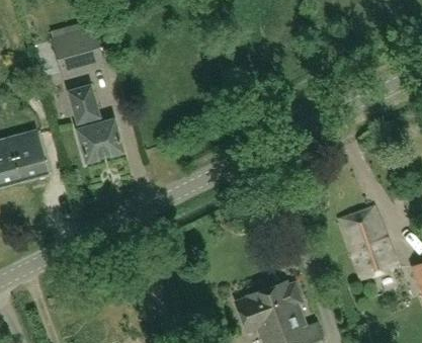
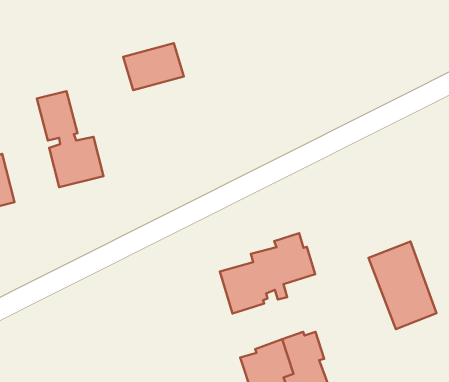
building: [54,30,103,69] -> [123,43,184,90]
building: none -> [220,233,315,314]

